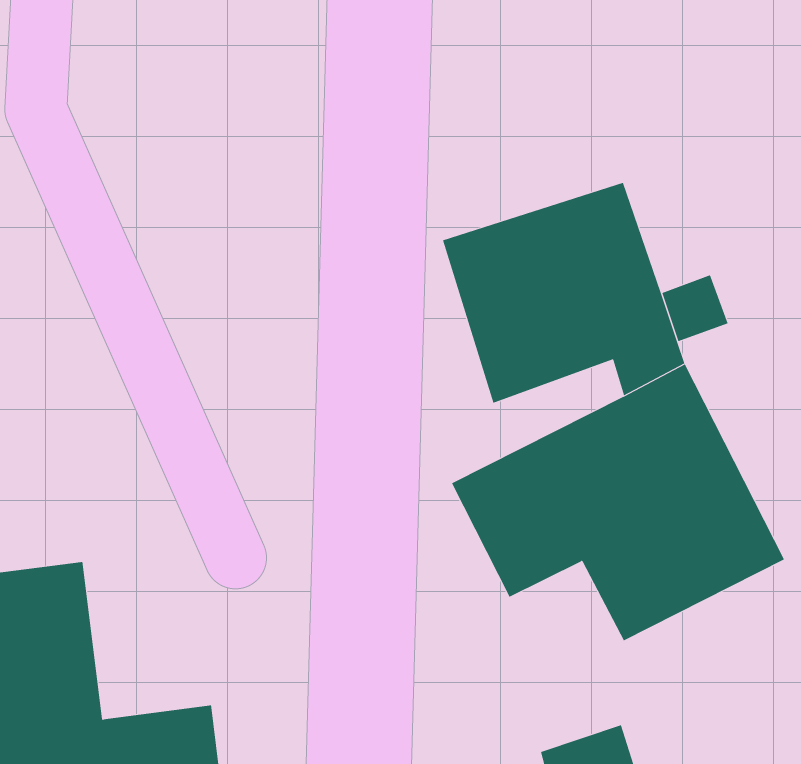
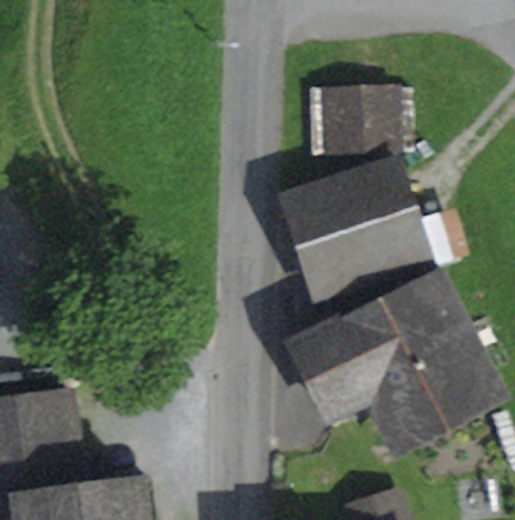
building: none -> [325,89,397,153]

